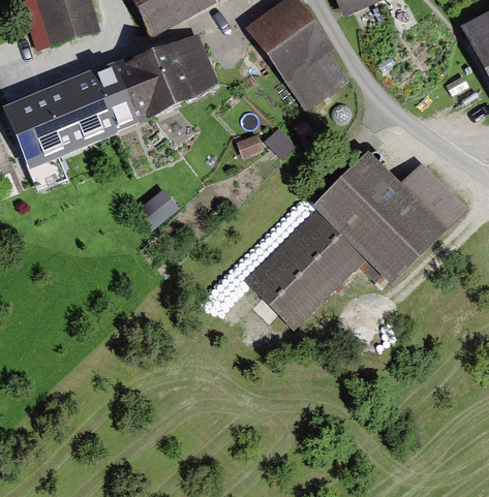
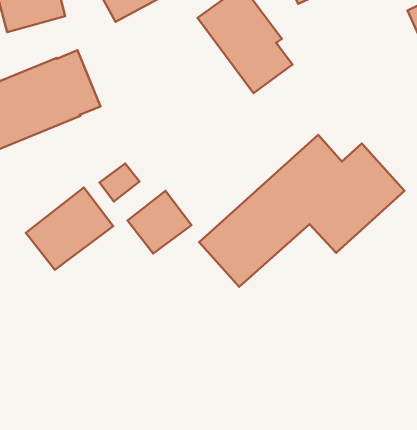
building: [112,33,216,124] -> none
building: none -> [26,187,113,270]
building: none -> [128,191,191,253]

